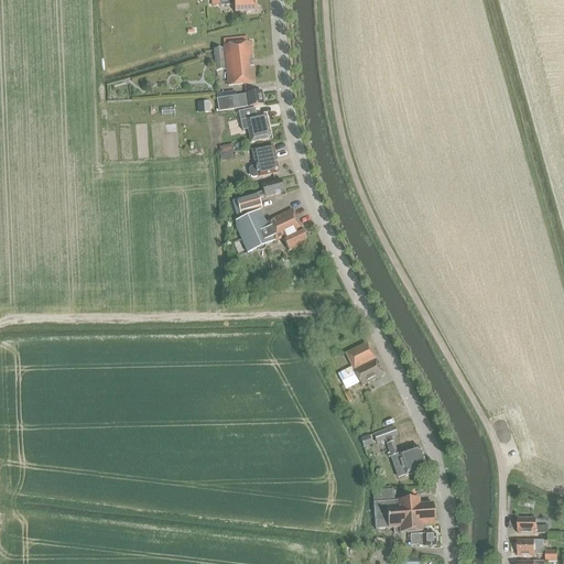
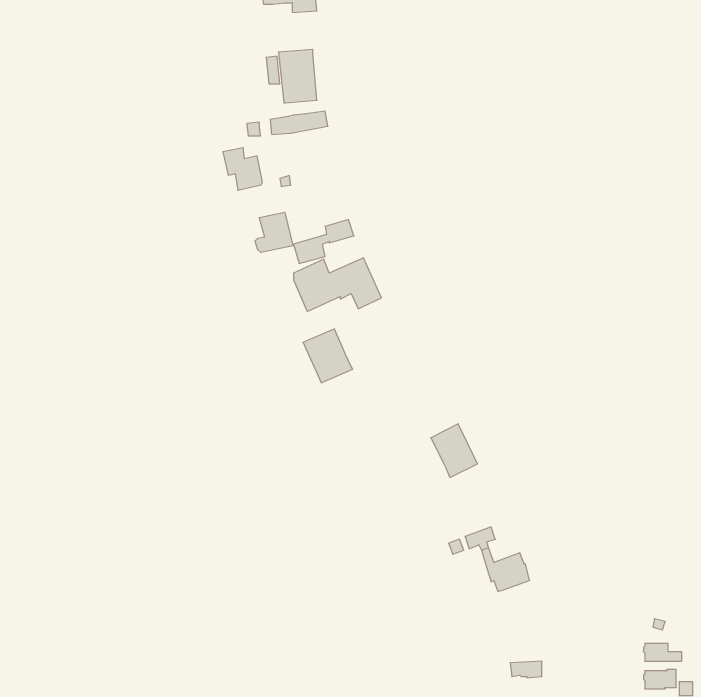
building: [238,106,270,140] -> [223,148,262,190]
building: [248,143,279,175] -> [255,213,293,252]
building: none -> [303,329,353,383]
building: [372,487,434,530] -> none

